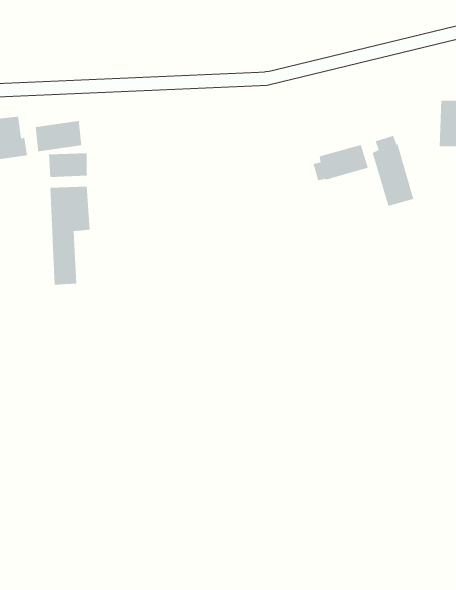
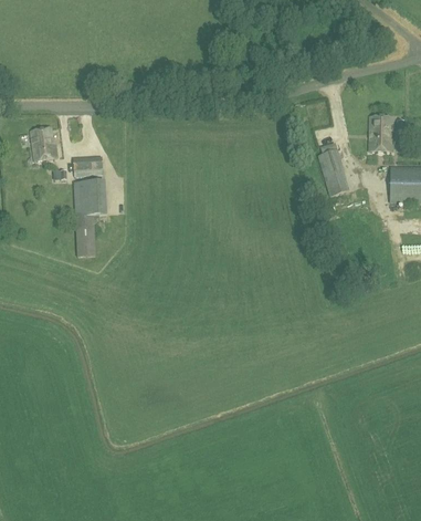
building: [35,120,82,152] -> none
building: [313,144,369,181] -> none

